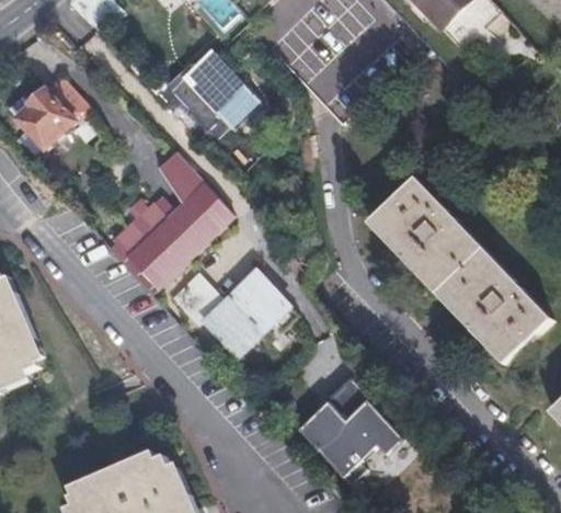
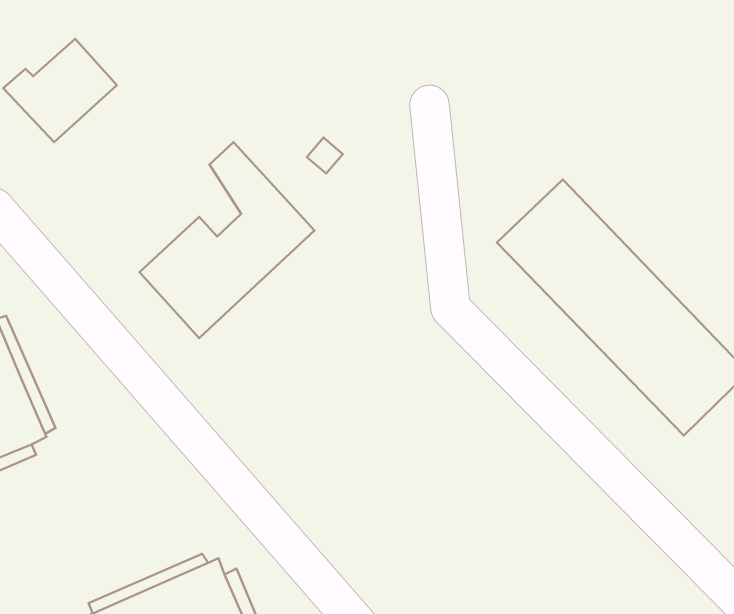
building: [164,53,254,140] -> none
building: [150,263,290,357] -> none
building: [301,378,405,482] -> none

